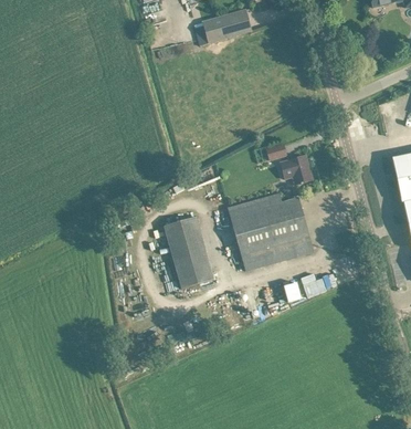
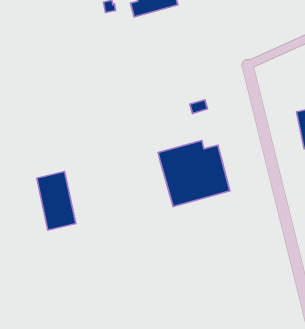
building: [280,154,313,184] -> none
building: [173,213,220,283] -> [37,172,76,230]

